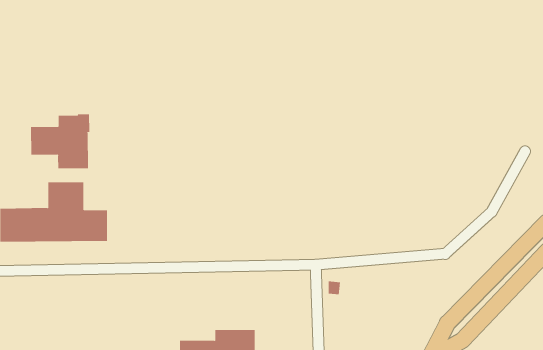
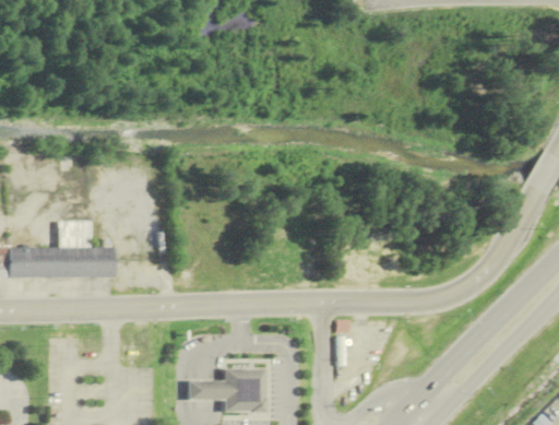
building: [31,113,90,169] -> none

